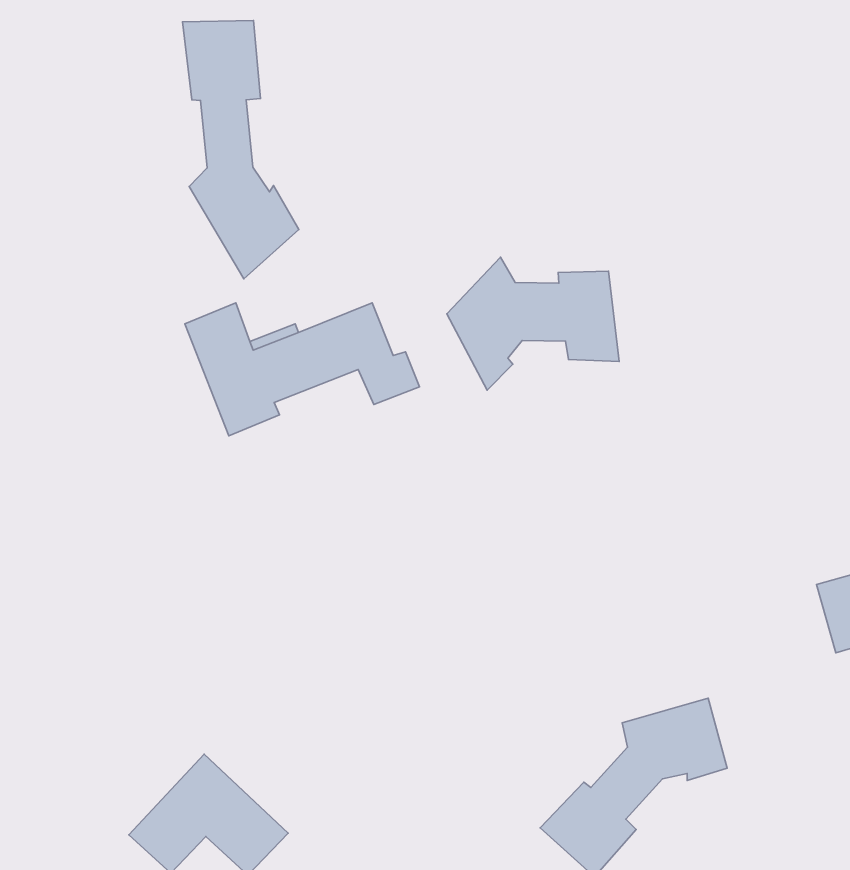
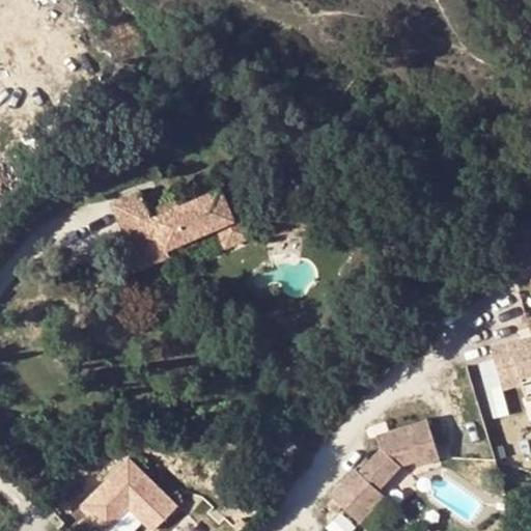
building: [182,21,299,279] -> none
building: [447,257,619,390] -> none

